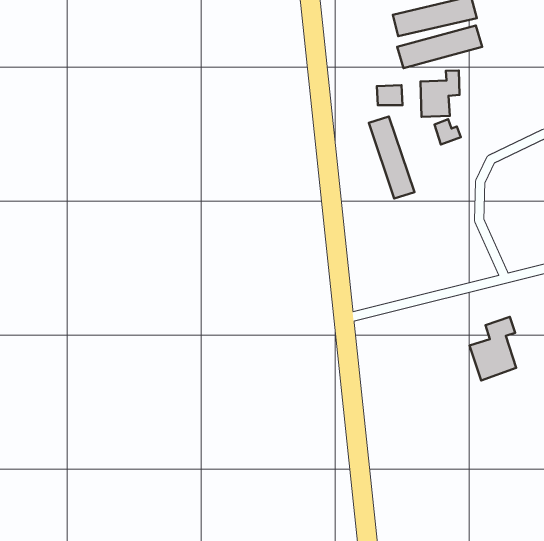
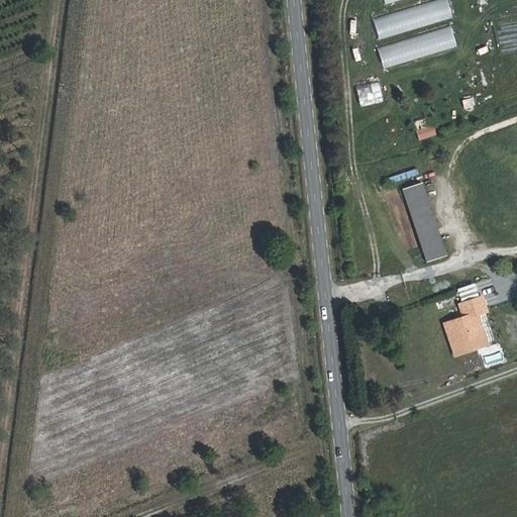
building: [421,70,460,117] -> none
building: [369,117,415,198] -> [404,189,447,267]

